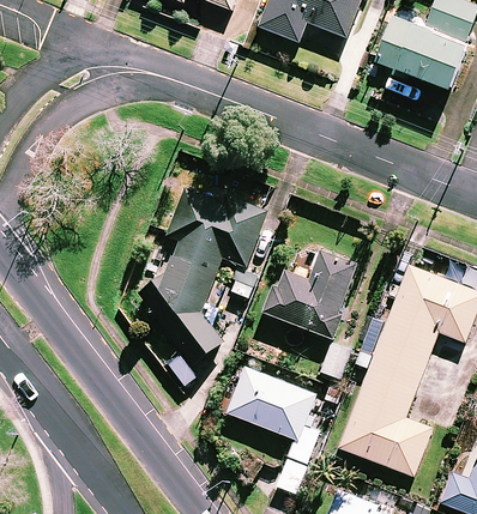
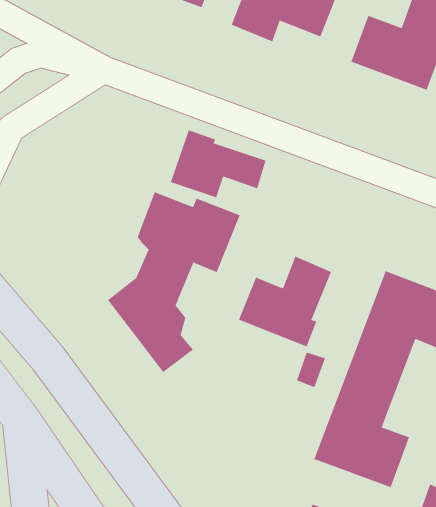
building: none -> [170,130,266,198]
building: [228,364,320,464] -> none

